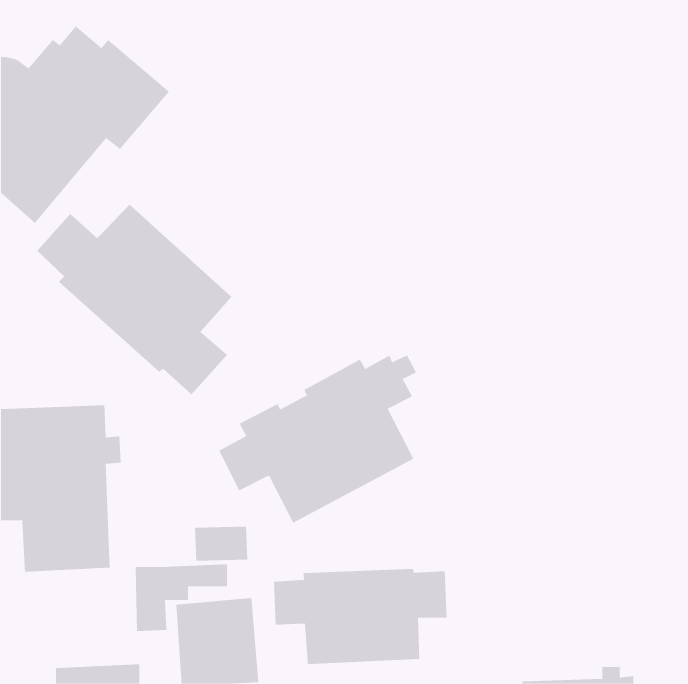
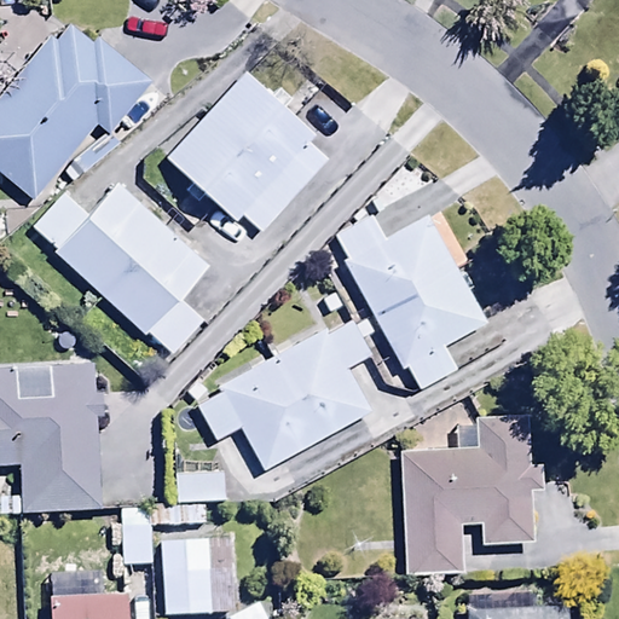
building: none -> [167,69,328,231]
building: none -> [335,214,487,389]
building: none -> [400,413,543,577]
building: [273,568,447,665] -> none

